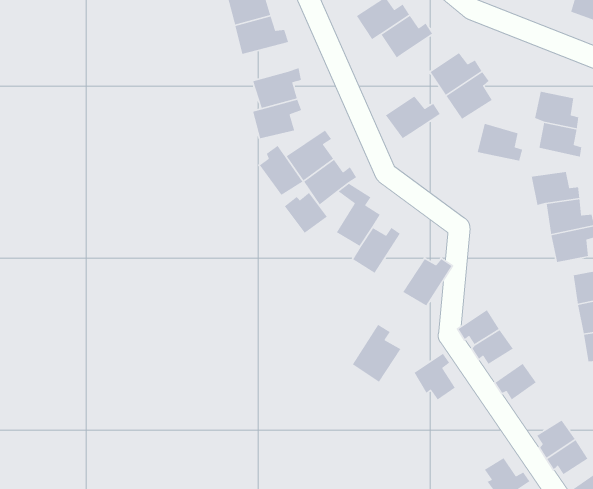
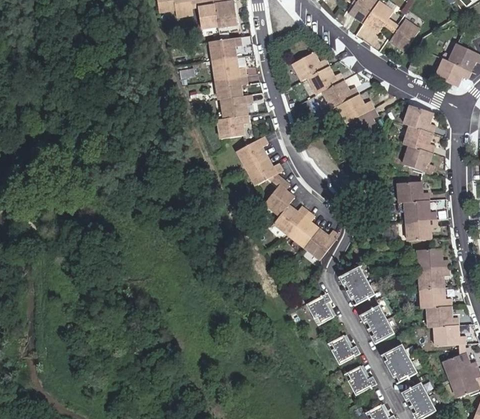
building: none -> [214,76,247,99]
building: [385,96,441,139] -> [321,80,358,108]
building: [477,123,523,162] -> [403,104,434,132]
building: [259,145,303,196] -> none
building: [284,192,328,234] -> none
building: [352,324,401,383] -> [287,210,321,249]
building: none -> [369,318,395,343]
building: none -> [330,334,360,364]

